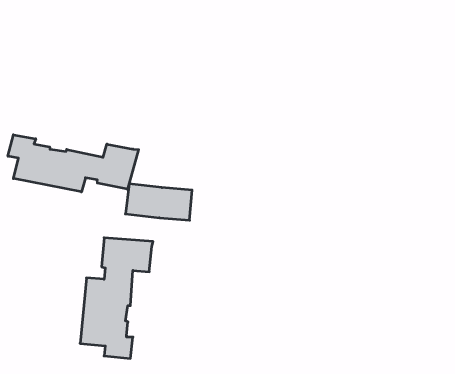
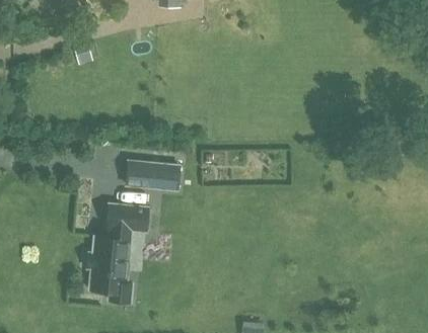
building: [8,135,139,192] -> none

